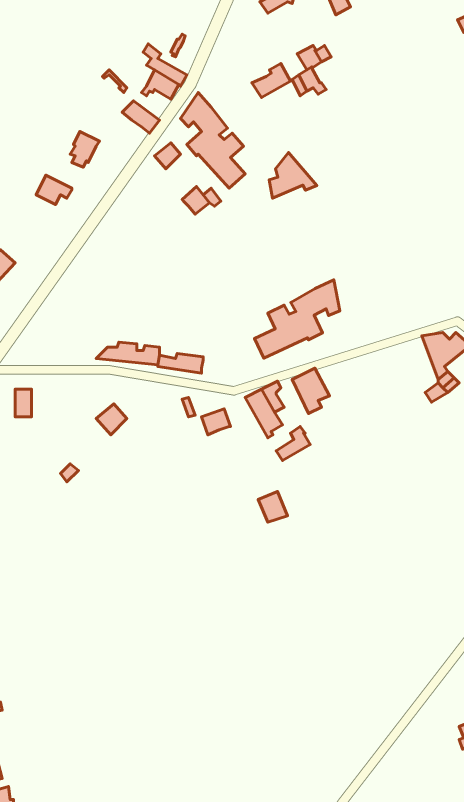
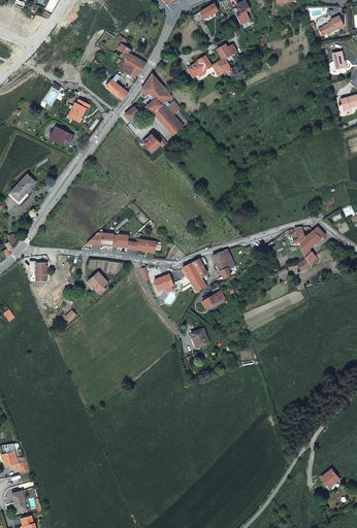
building: [269,152,317,198] -> none
building: [254,280,340,358] -> none

